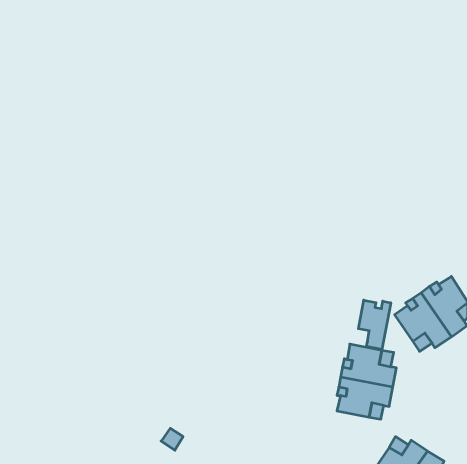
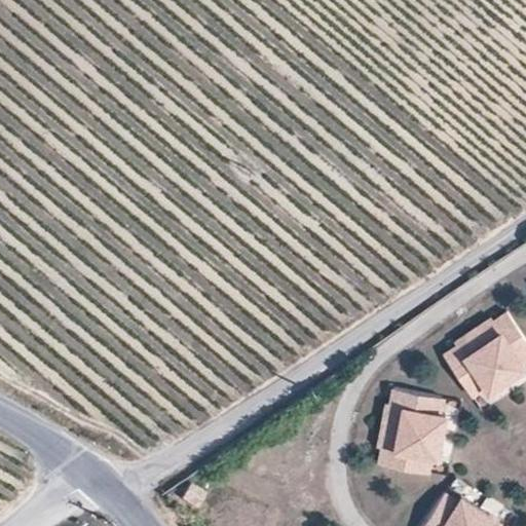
building: [358,300,391,349] -> none

